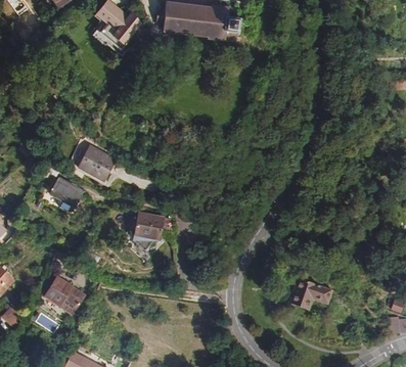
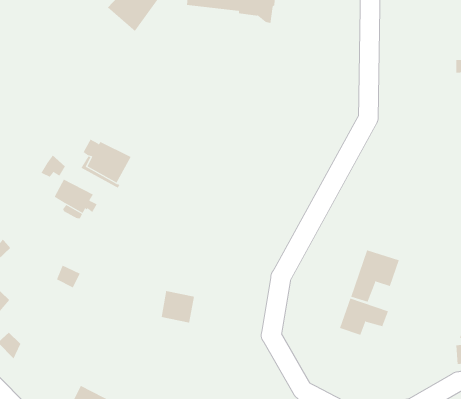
building: [134,212,163,239] -> [161,291,195,323]
building: none -> [350,249,400,302]
building: [44,276,84,313] -> none

